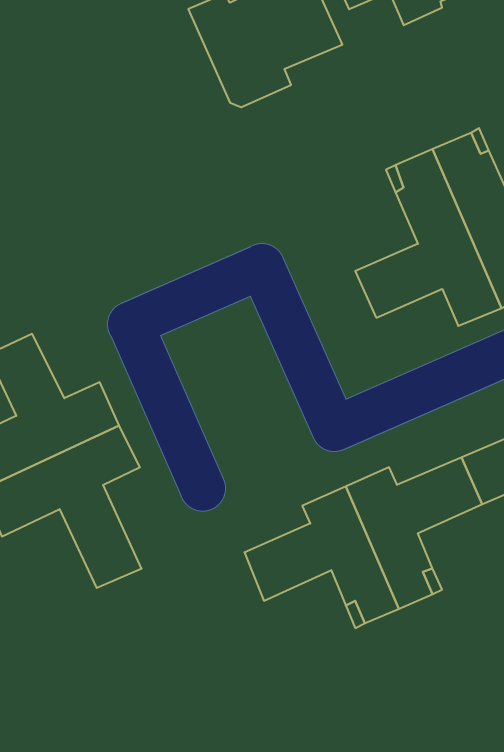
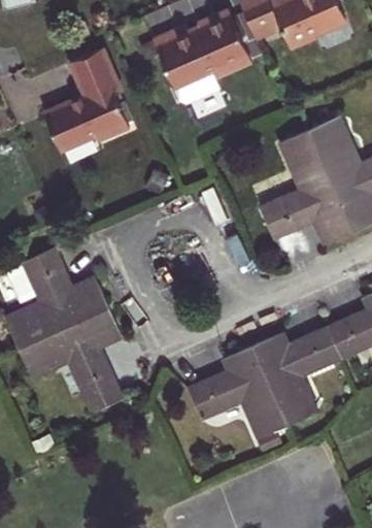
building: none -> [44,48,130,150]

